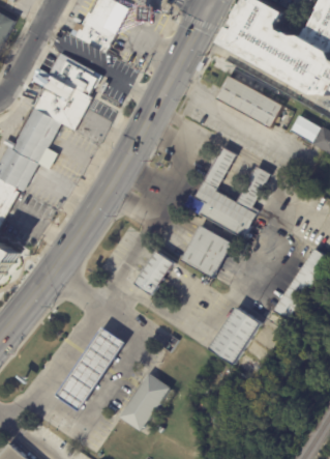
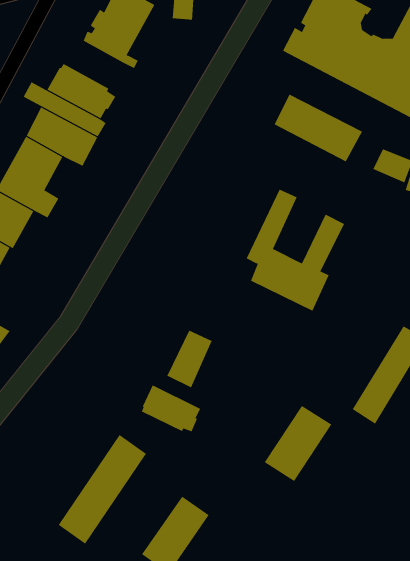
building: [179,226,231,278] -> none
building: none -> [141,385,201,432]

